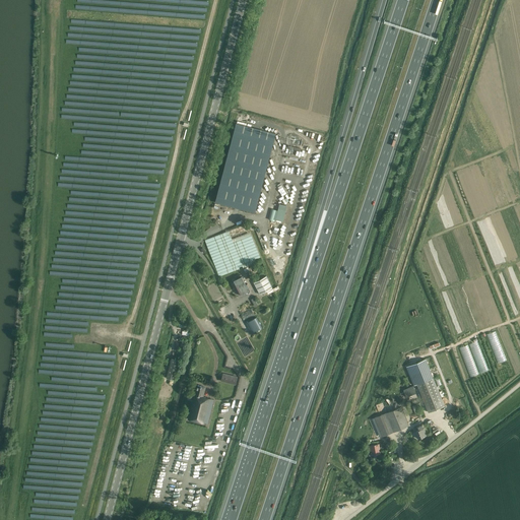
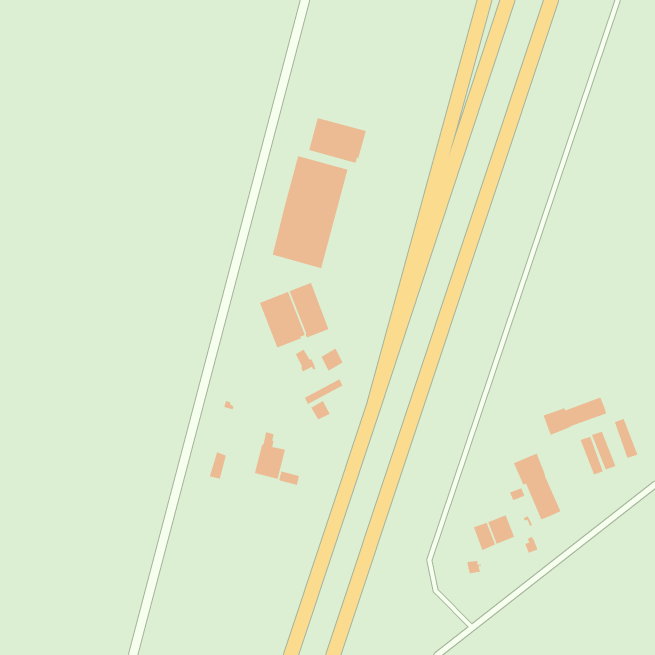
building: none -> [308,117,367,163]
building: none -> [542,396,607,436]
building: [188,385,213,424] -> [254,431,286,480]

